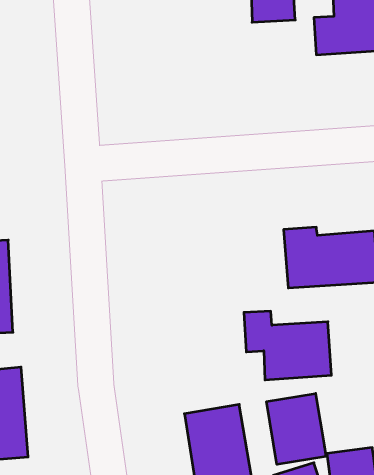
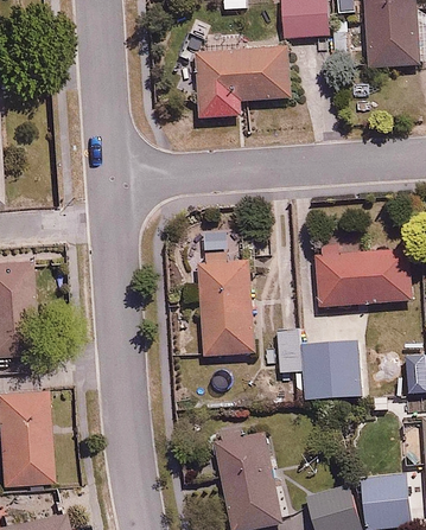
building: none -> [192,33,288,104]
building: none -> [196,255,250,355]
building: [267,393,326,464] -> none

